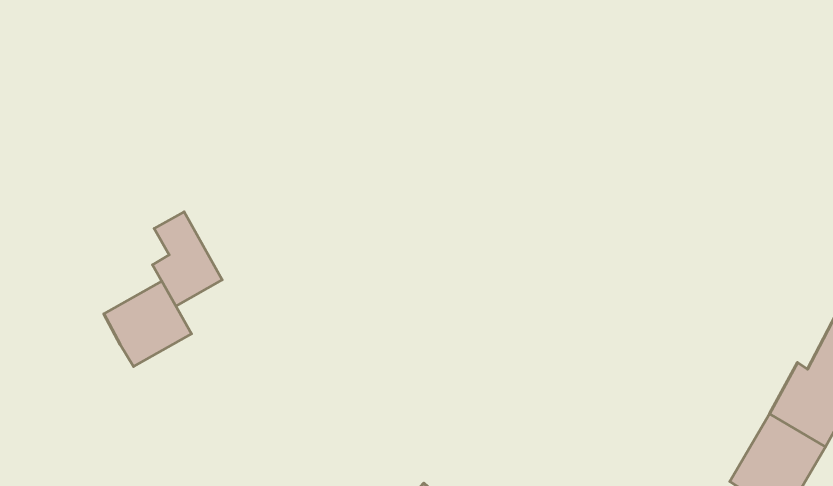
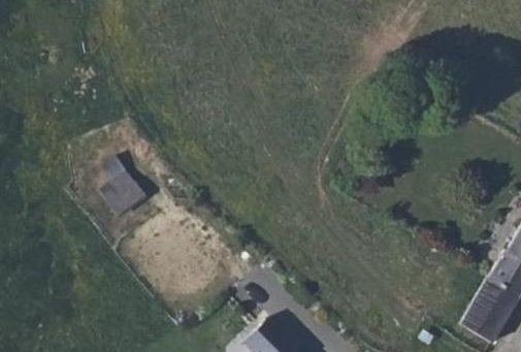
building: [104,281,191,366] -> none

